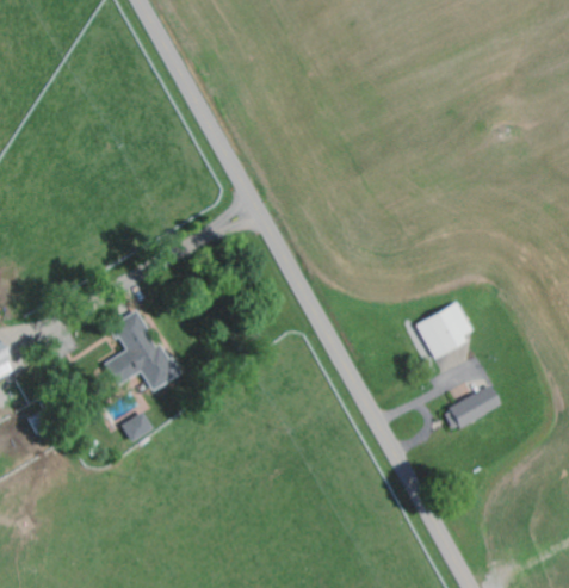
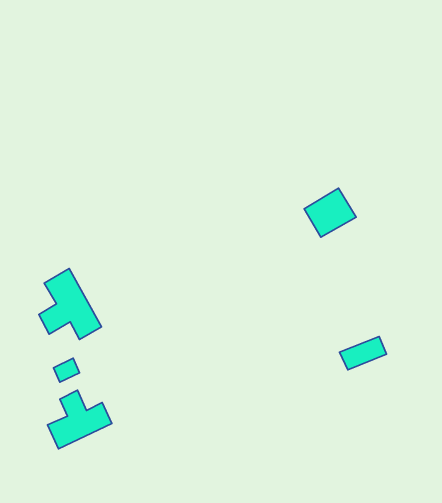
building: [415,302,475,358] -> [304,188,356,237]
building: none -> [48,390,112,449]

